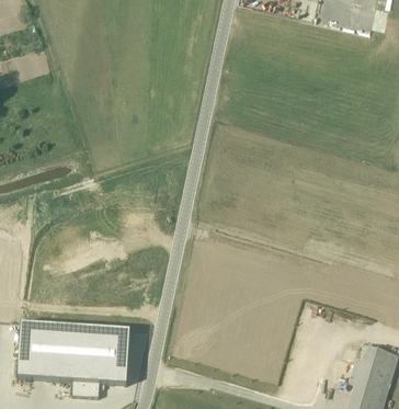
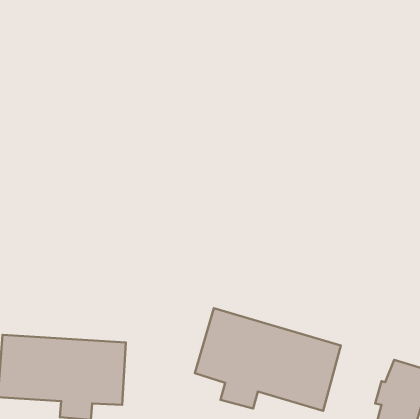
building: none -> [195,308,341,411]

